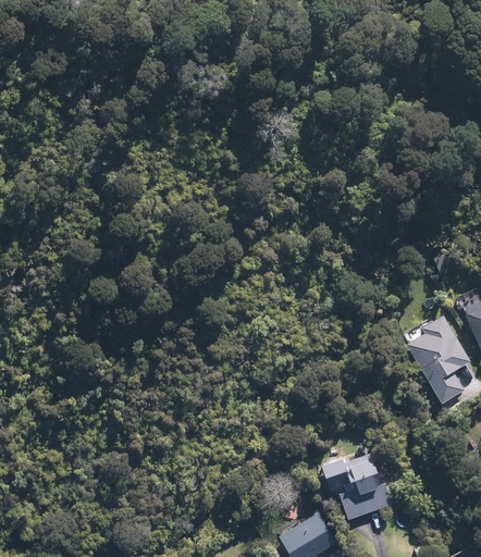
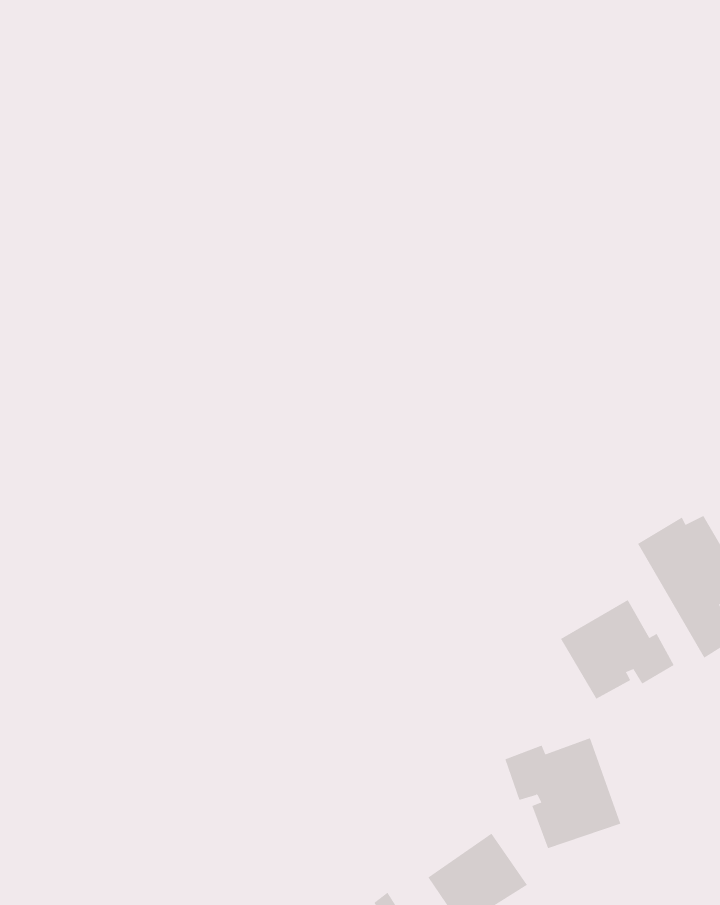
building: none -> [560,599,675,699]

